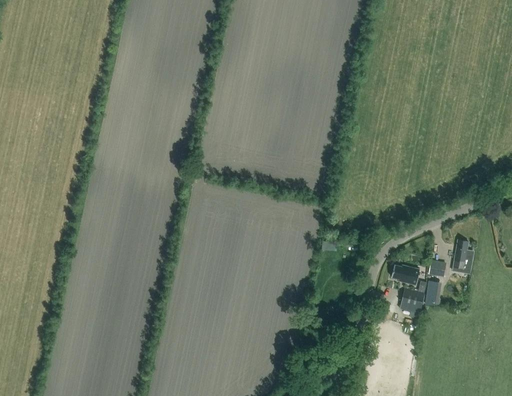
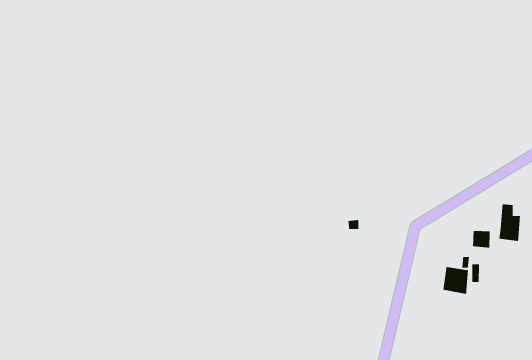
building: [391,265,420,285] -> none

